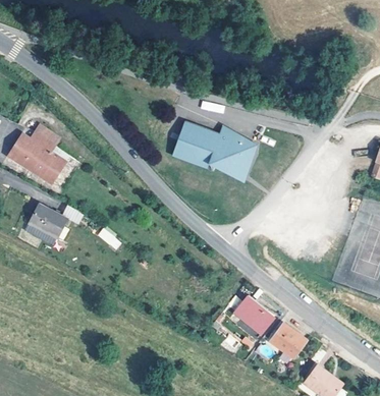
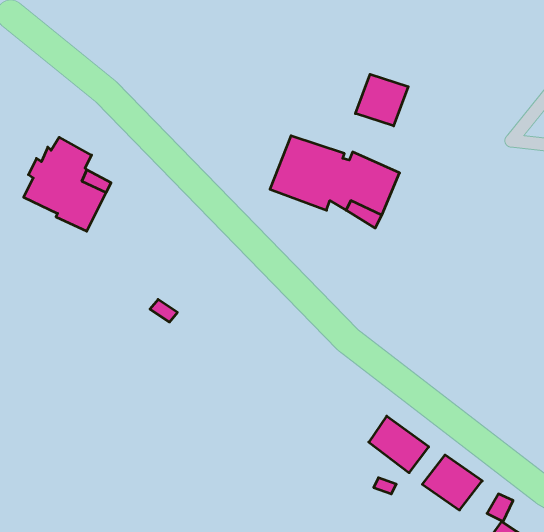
building: none -> [355,74,408,126]
building: [28,202,69,242] -> none

